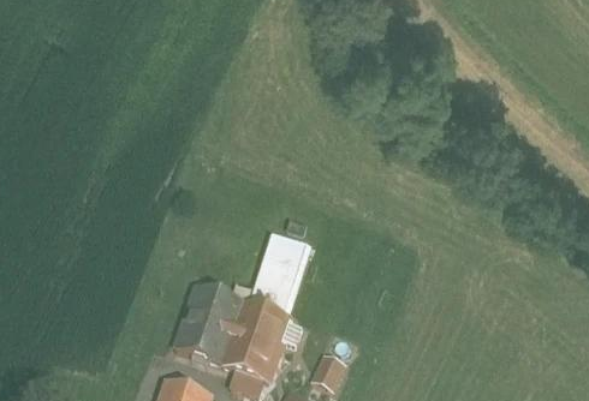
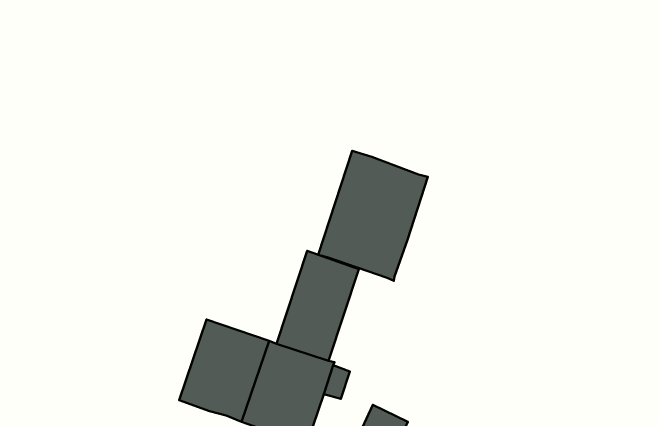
building: none -> [318,151,428,281]

